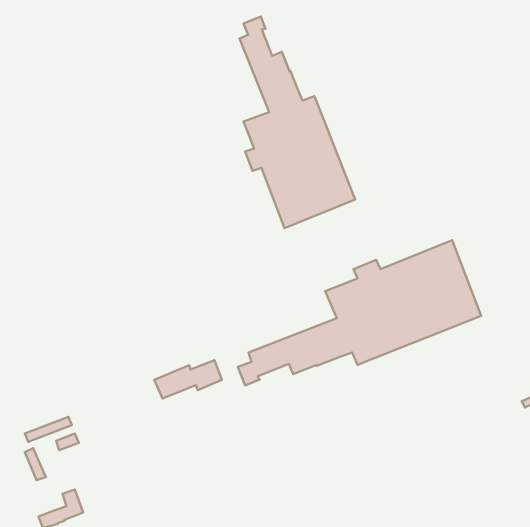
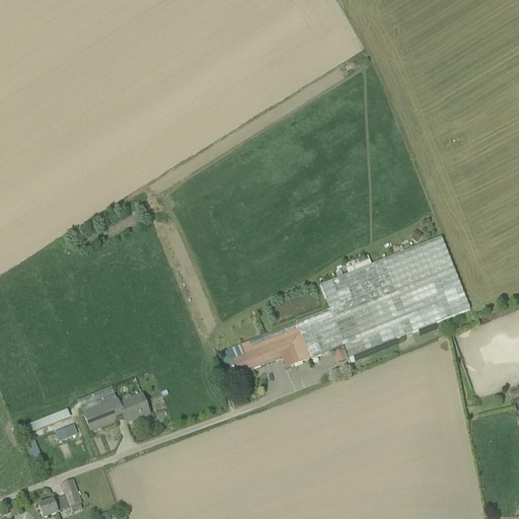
building: [240,17,355,228] -> none
building: [154,360,222,399] -> [84,392,150,430]

